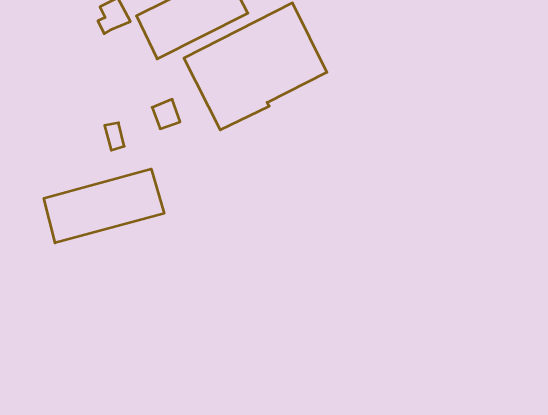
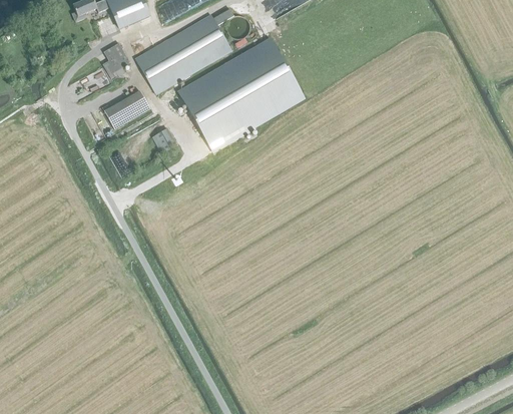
building: none -> [102,89,150,128]
building: [44,169,164,243] -> none

